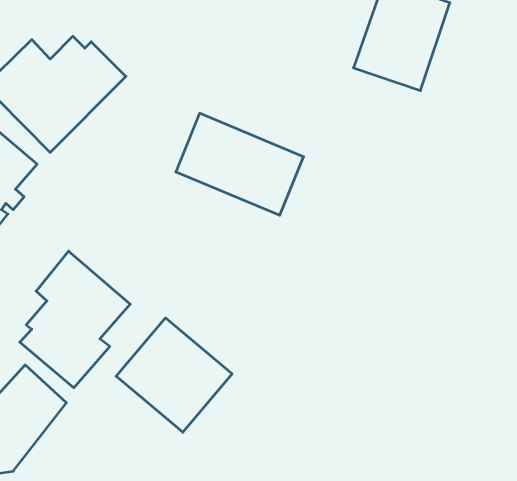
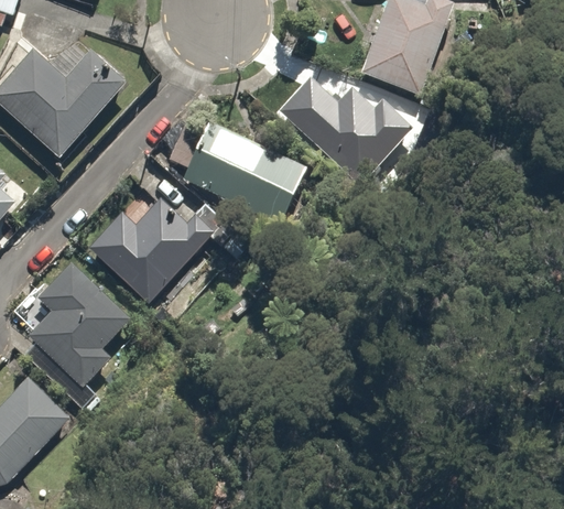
building: none -> [275,76,414,188]
building: none -> [87,197,207,300]
building: [116,318,232,432] -> none

